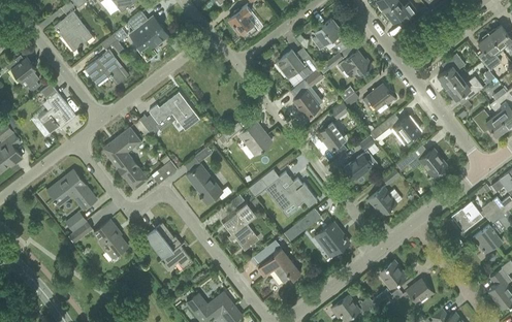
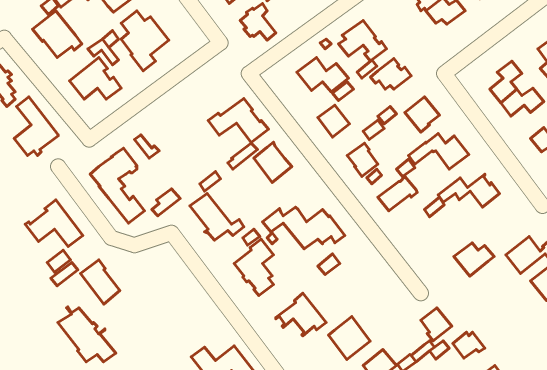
building: [149,93,199,130] -> [208,98,269,143]
building: [367,188,402,216] -> [454,243,494,276]
building: [314,222,349,258] -> [328,317,370,360]
building: [145,223,193,269] -> [58,307,116,362]

